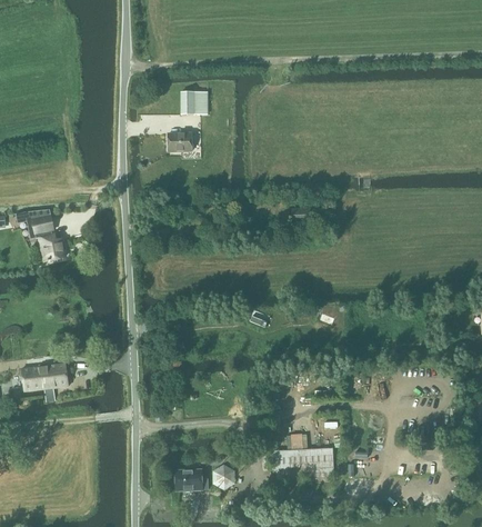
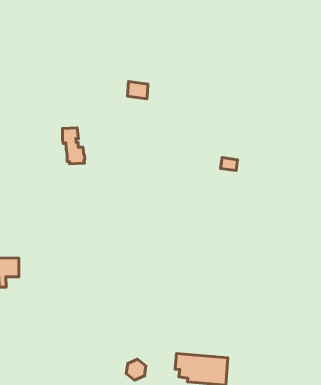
building: [181,90,208,112] -> none
building: [32,215,64,259] -> [62,128,85,164]
building: [175,467,208,488] -> none

